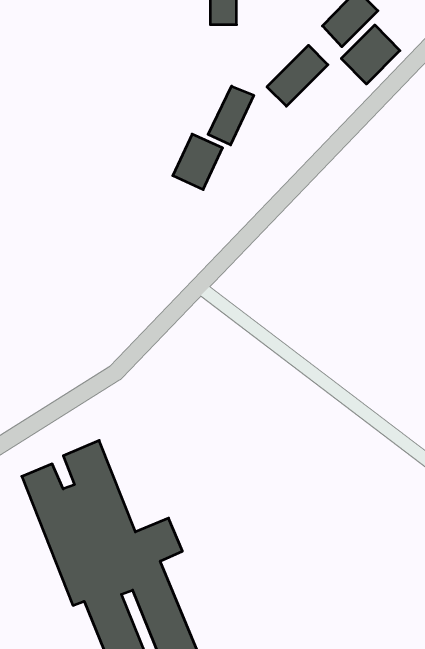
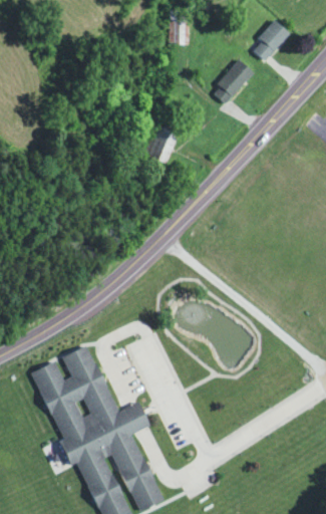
building: [341,25,400,84] -> none
building: [208,86,254,145] -> none

